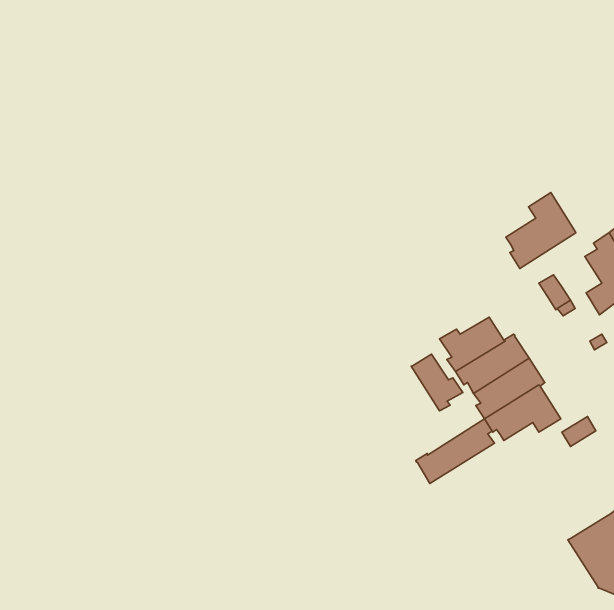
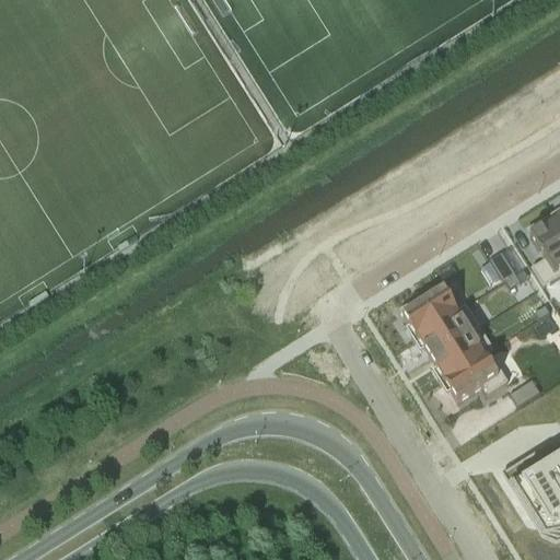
building: [506,192,576,268] -> none
building: [411,354,463,411] -> none
building: [416,419,495,483] -> none

